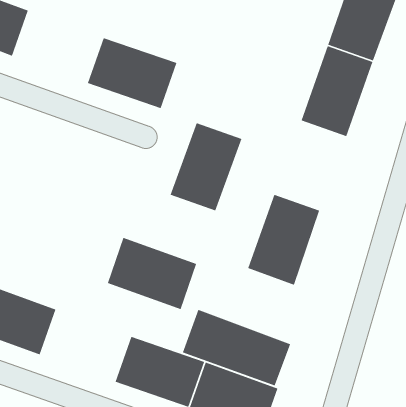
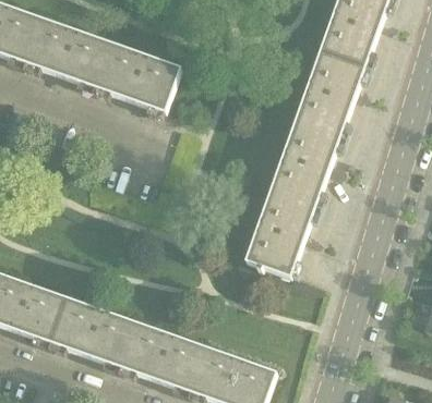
building: none -> [25,17,110,86]
building: [169,122,243,212] -> [271,121,339,205]
building: [107,237,197,310] -> [51,297,136,366]
building: [182,309,291,386] -> none

